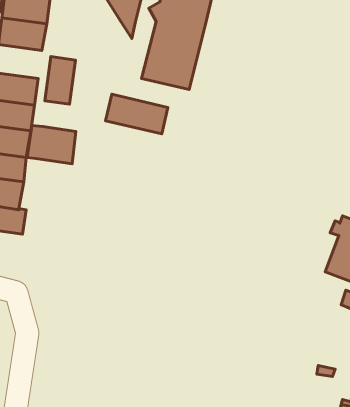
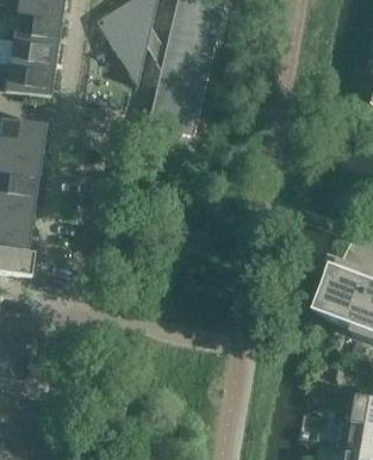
building: [45,57,76,104] -> none
building: [106,94,168,134] -> none
building: [27,125,76,164] -> none

